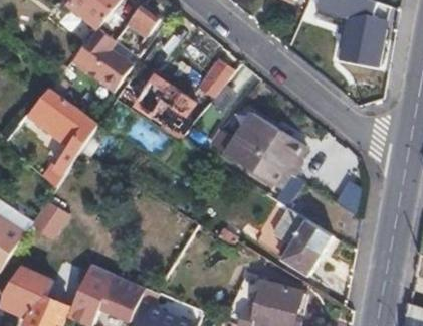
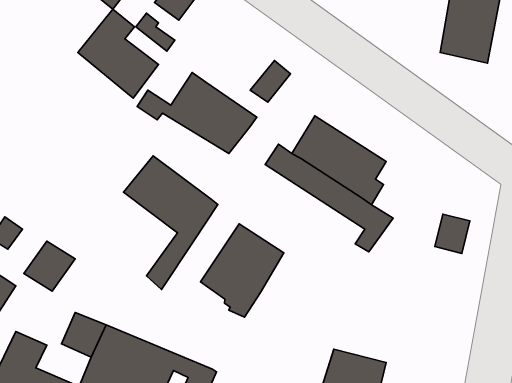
building: [27,89,97,188] -> [124,156,218,289]
building: none -> [200,224,284,317]
building: [271,209,330,273] -> none

